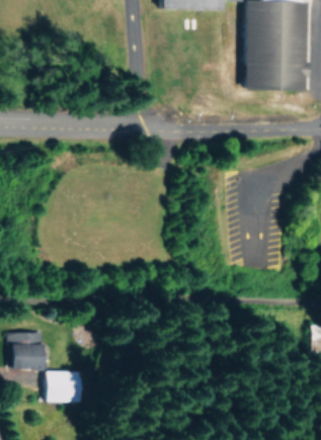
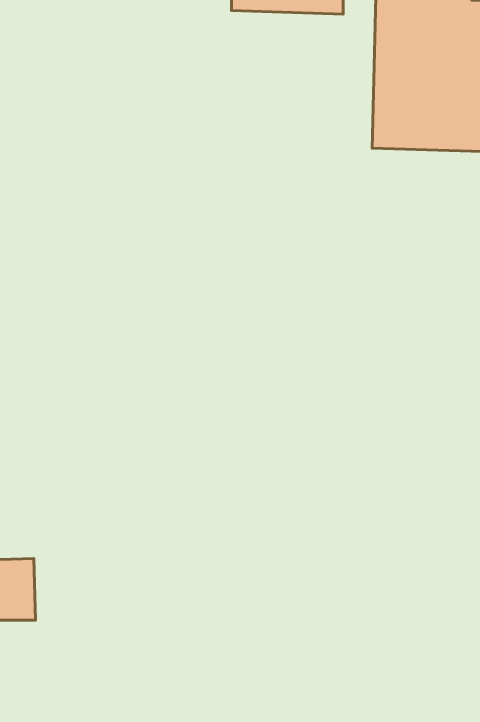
building: [46,369,82,400] -> none

